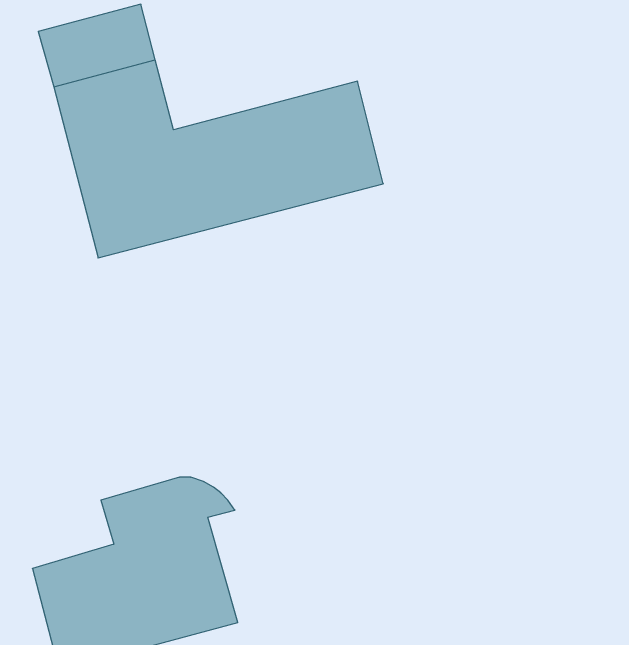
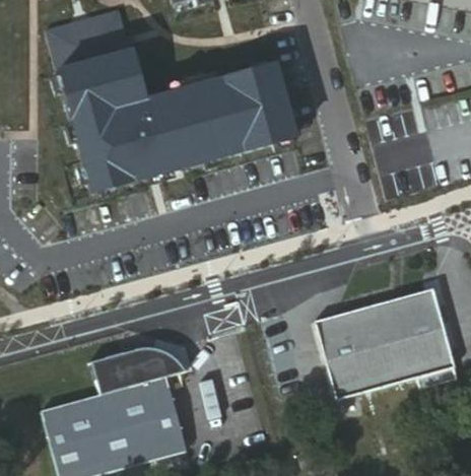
building: none -> [314,286,454,400]

